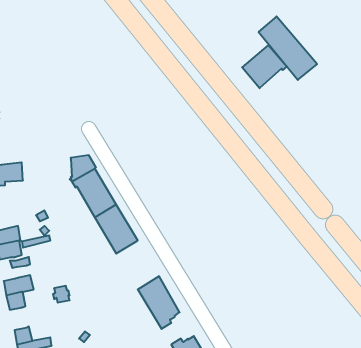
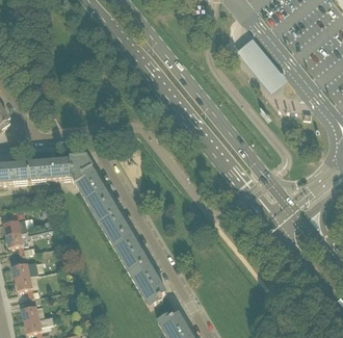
building: [242,45,287,88] -> none
building: none -> [29,158,73,178]
building: none -> [111,229,149,271]

